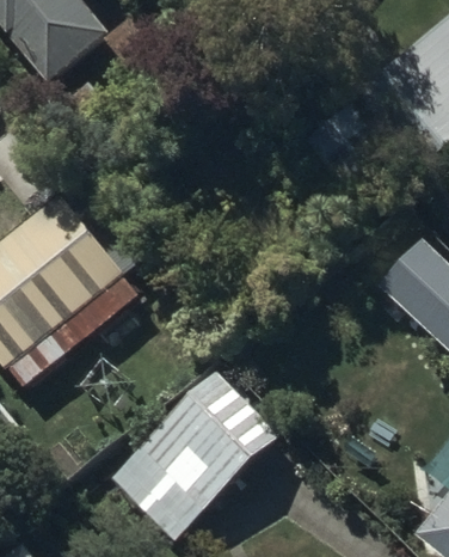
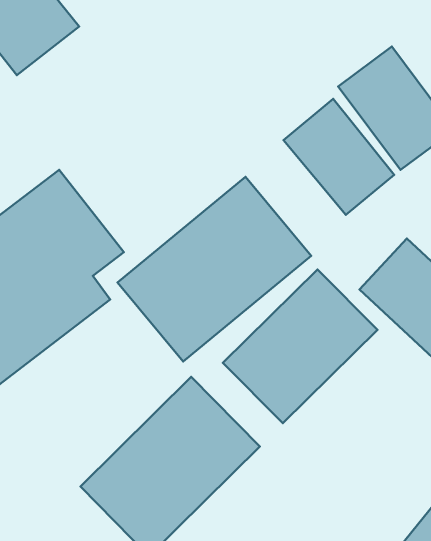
building: none -> [117,177,311,362]
building: none -> [223,269,378,423]

